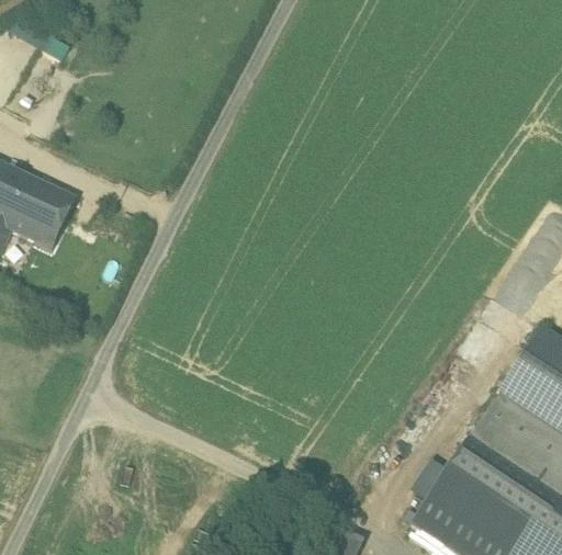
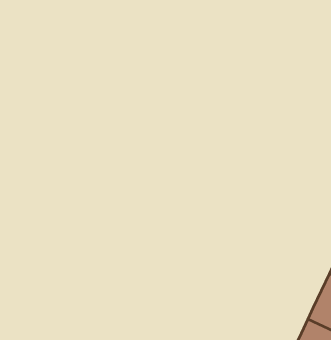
building: [412,462,447,502] -> none

